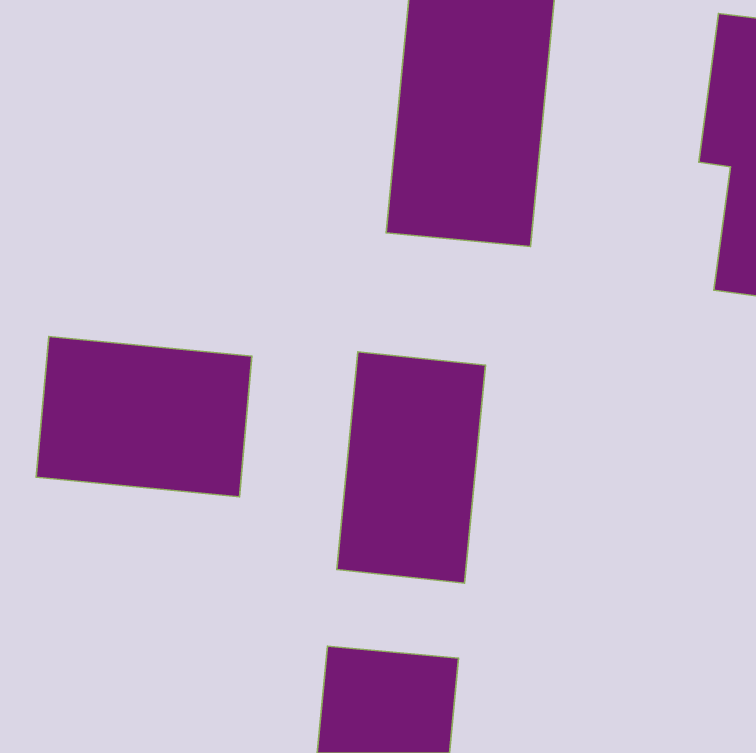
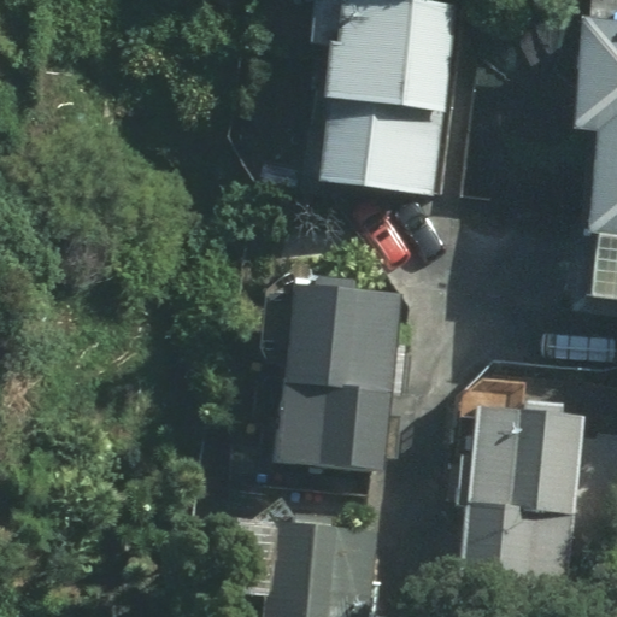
building: [36,337,252,497] -> none
building: none -> [462,400,583,598]

